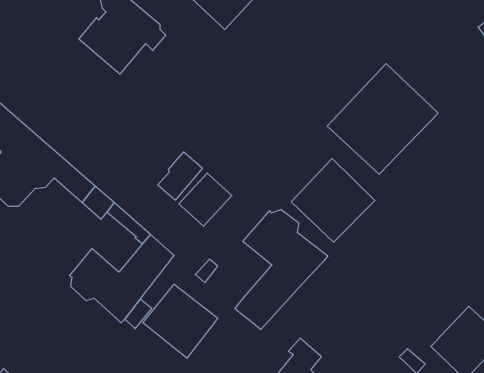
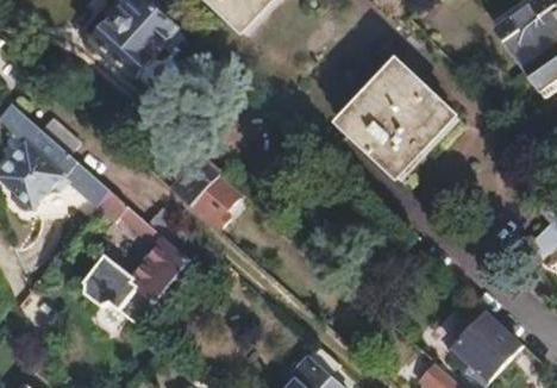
building: [291,159,375,242] -> none
building: [235,209,328,329] -> none
building: [143,284,218,358] -> none

